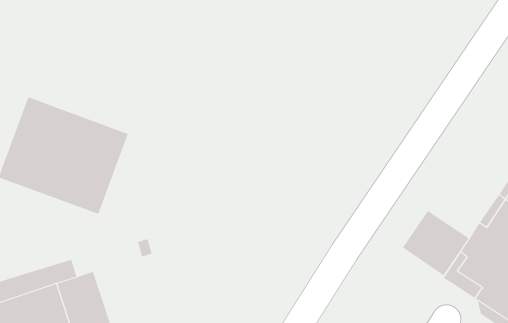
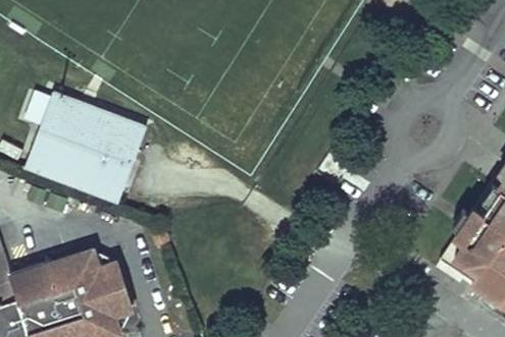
building: [402,210,469,276] -> none

